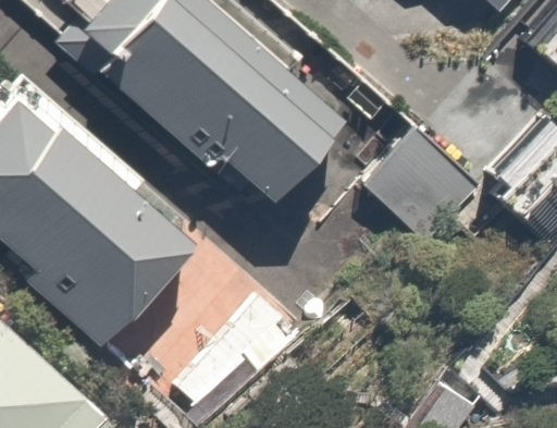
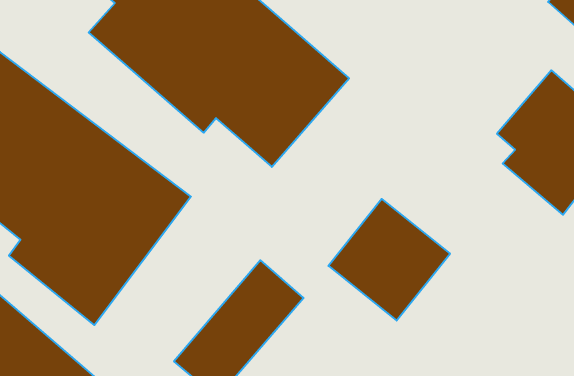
building: [358,120,474,236] -> [328,199,450,321]

